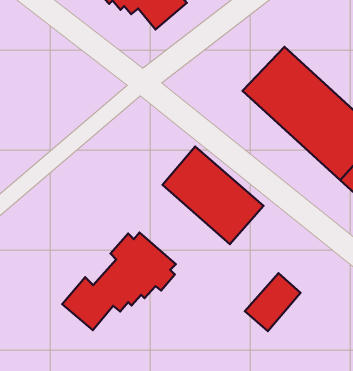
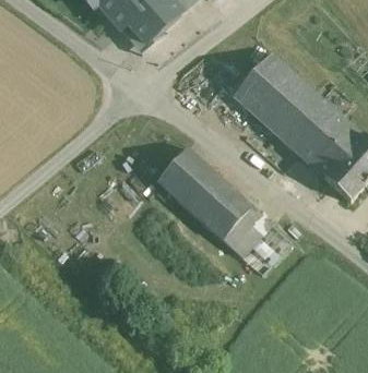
building: [62,232,176,330] -> none
building: [245,273,300,331] -> [221,203,273,257]

